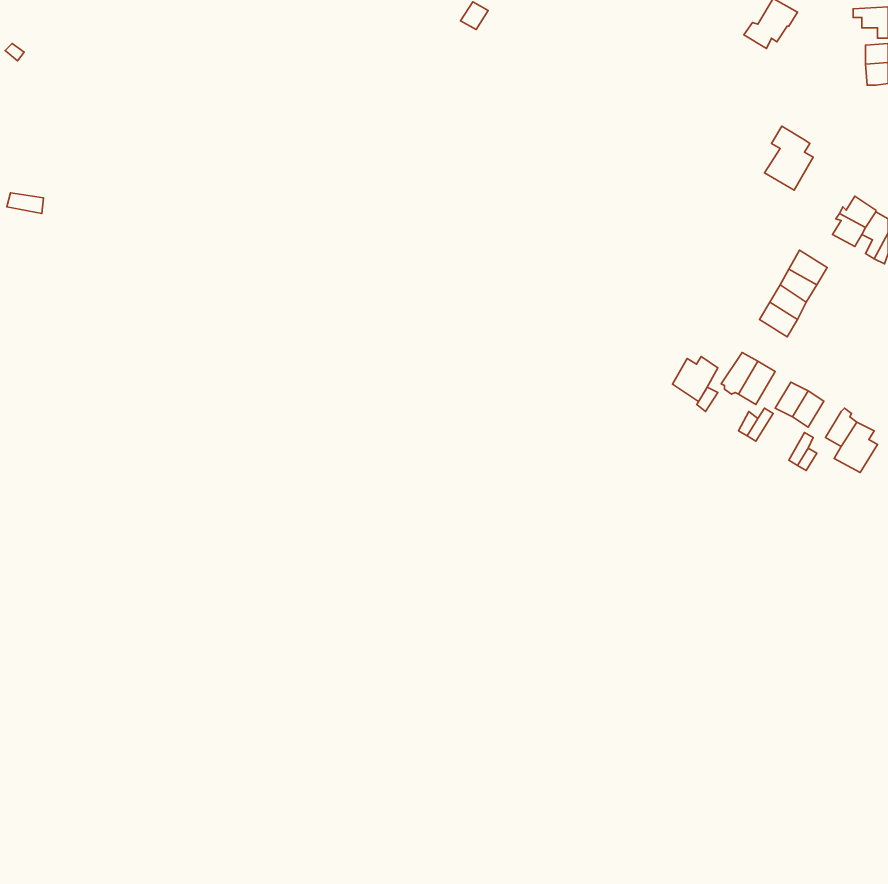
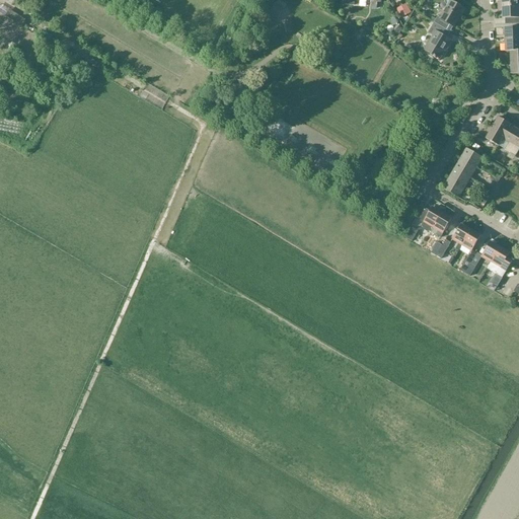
building: [765,126,813,190] -> [424,20,452,58]
building: [672,356,718,401] -> none

